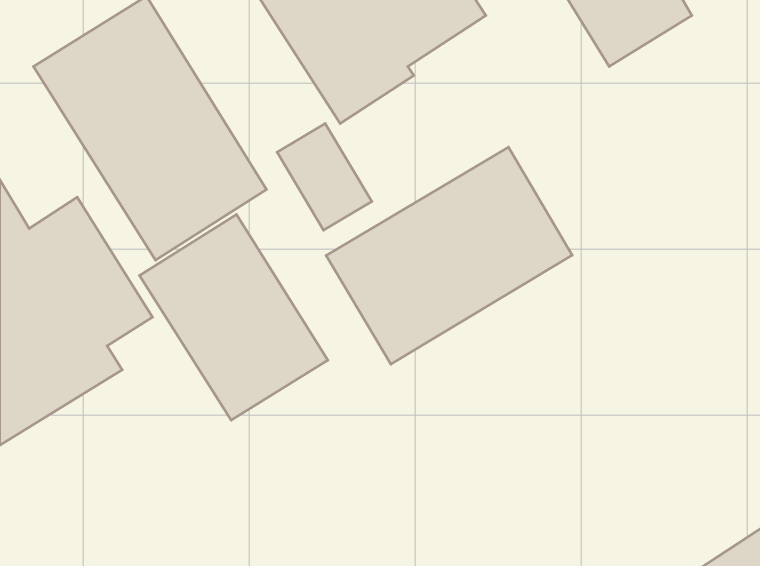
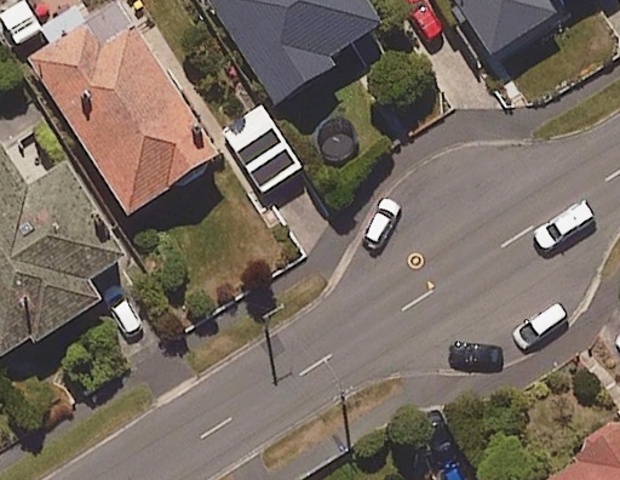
building: [326,147,572,364] -> none
building: [139,215,328,420] -> none

